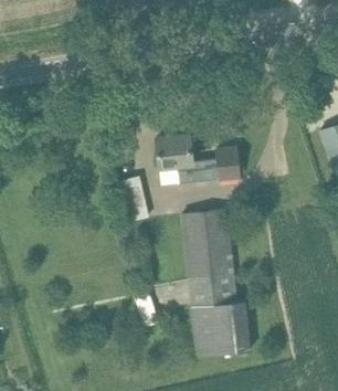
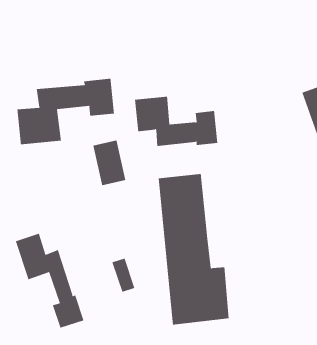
building: none -> [17,78,114,145]
building: none -> [15,233,84,329]

